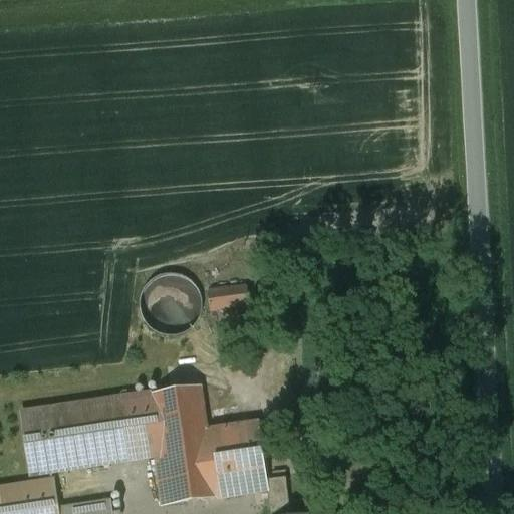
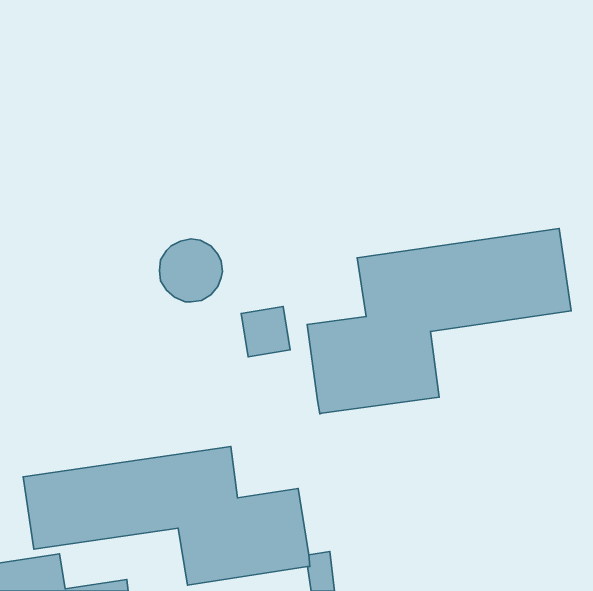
building: none -> [307,228,571,414]
building: [141,276,195,330] -> [159,239,222,302]

